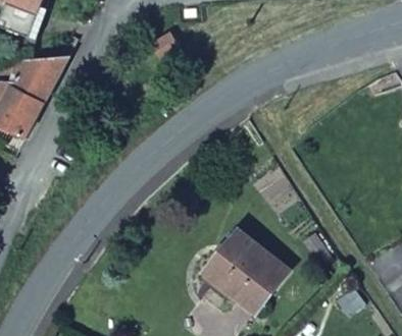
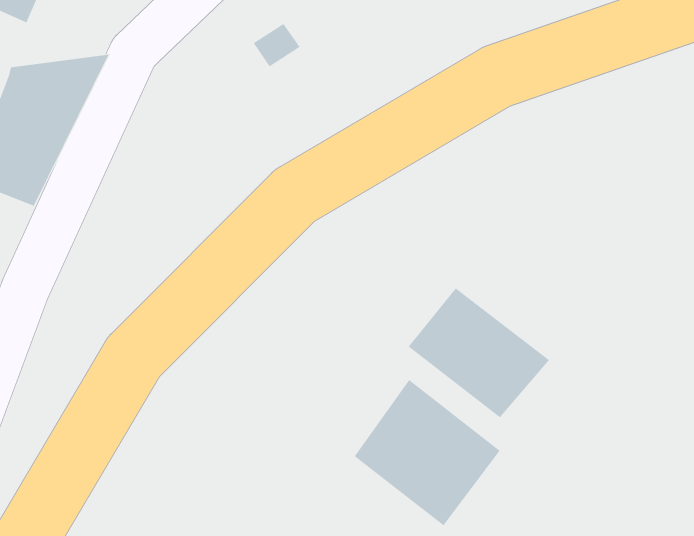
building: none -> [408,287,550,418]

